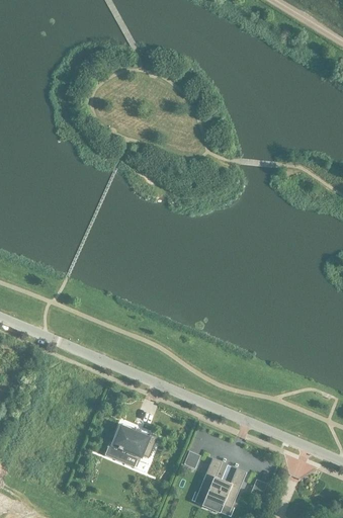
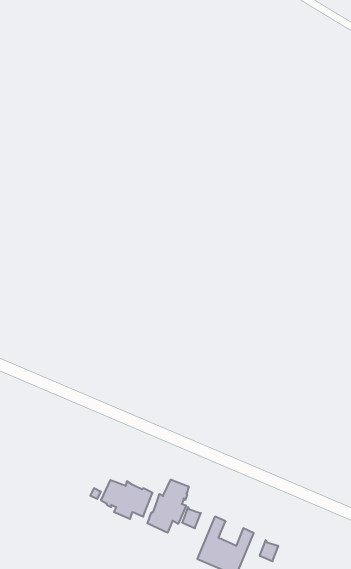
building: none -> [147,480,189,533]

